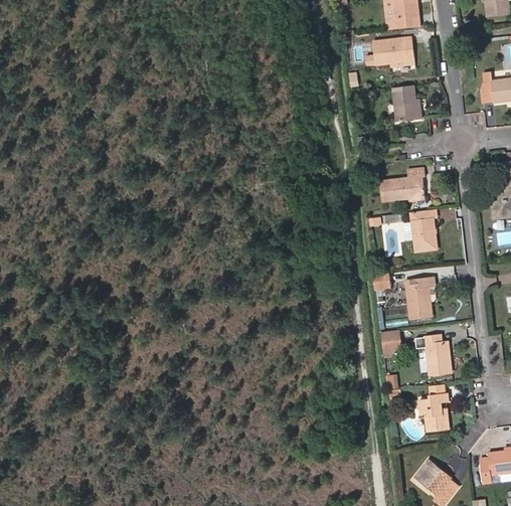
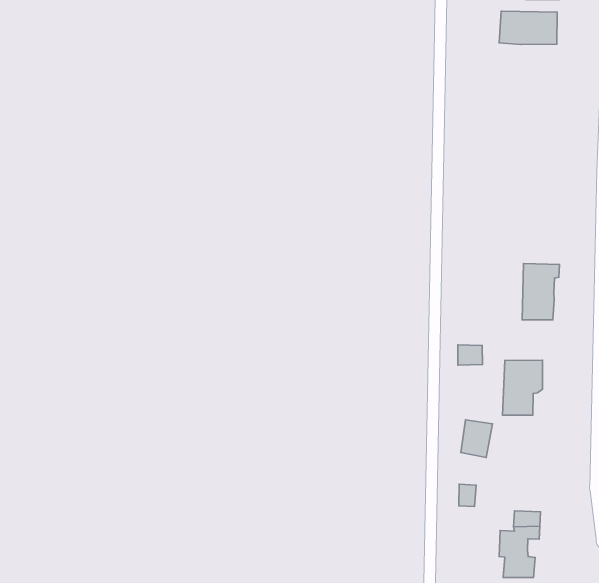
building: [391,83,421,121] -> none
building: [374,170,420,204] -> none
building: [428,336,453,376] -> none

